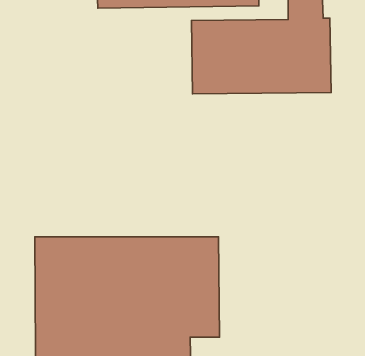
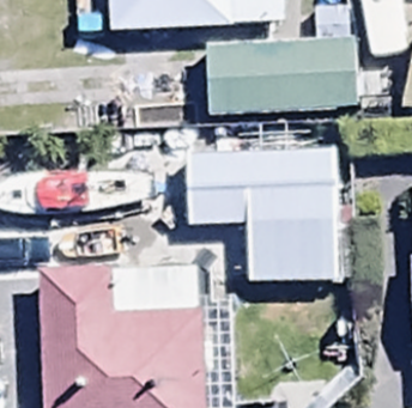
building: none -> [189,151,338,224]

